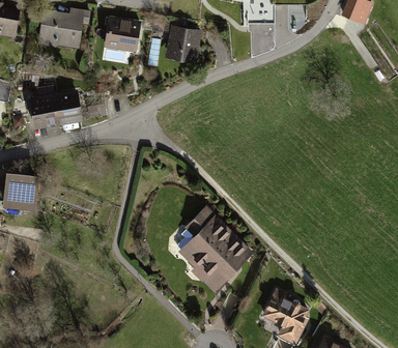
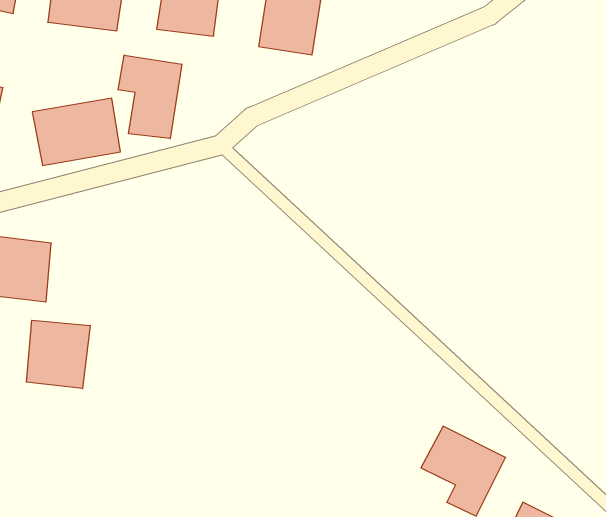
building: none -> [118,55,182,139]
building: [178,203,254,291] -> none
building: none -> [26,320,90,389]

